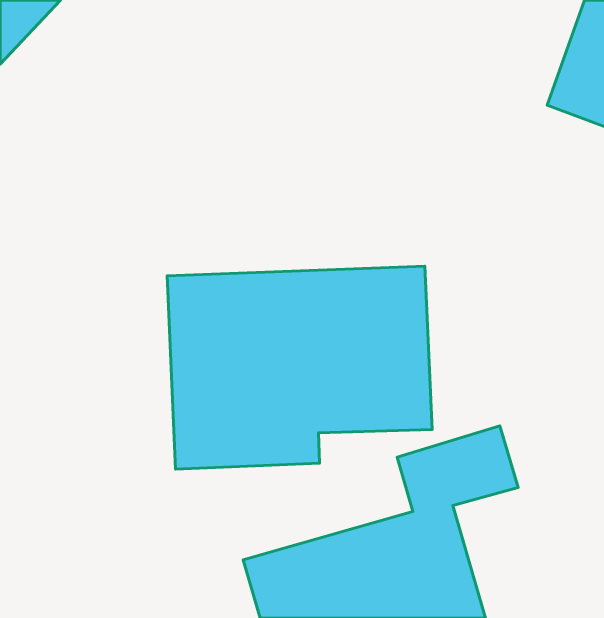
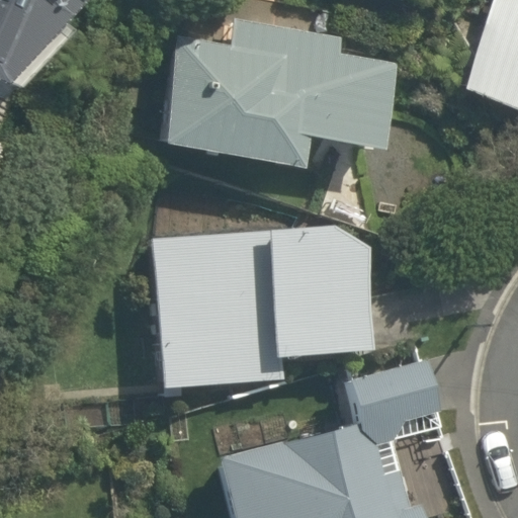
building: none -> [162,36,395,159]

